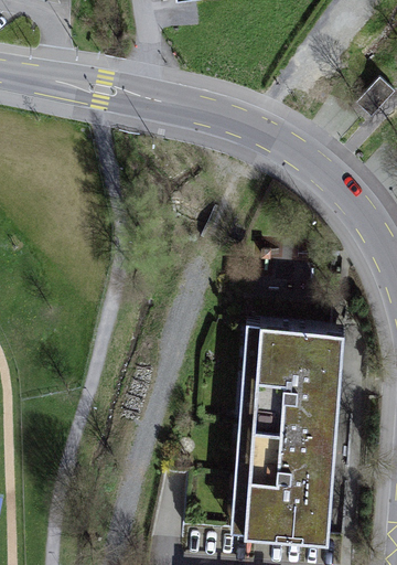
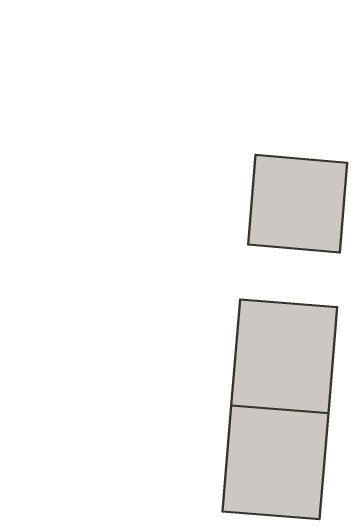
building: none -> [248,155,347,252]

